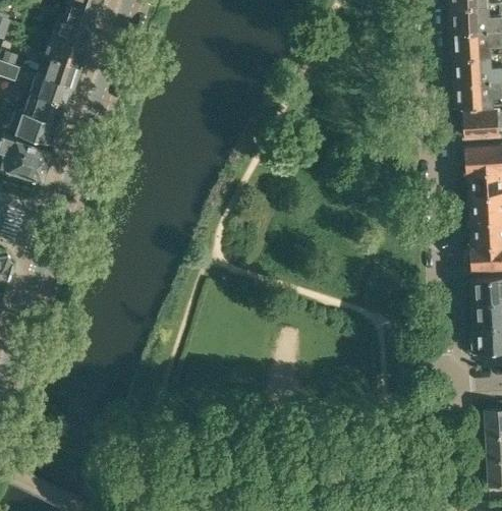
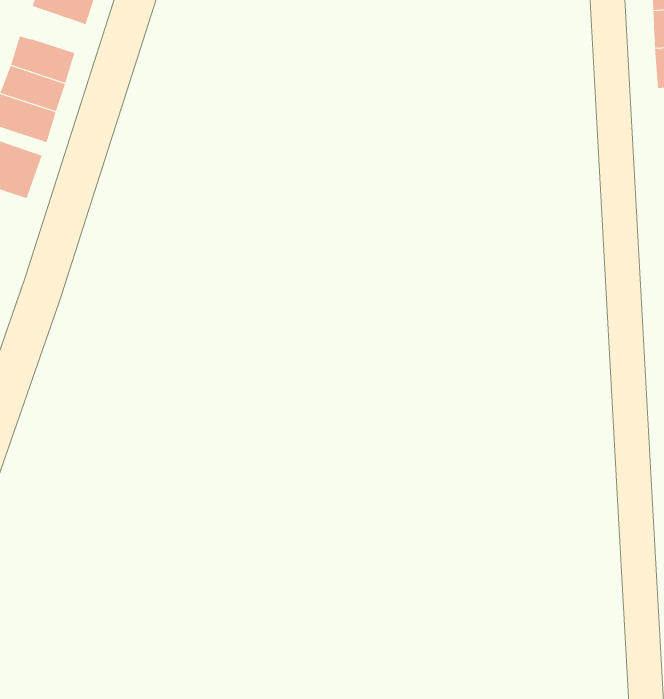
building: [46,53,82,83] -> none

